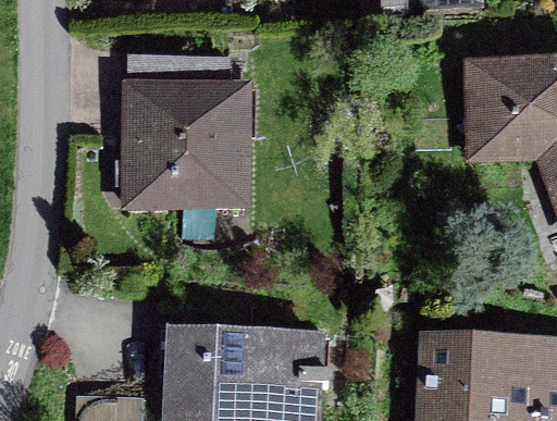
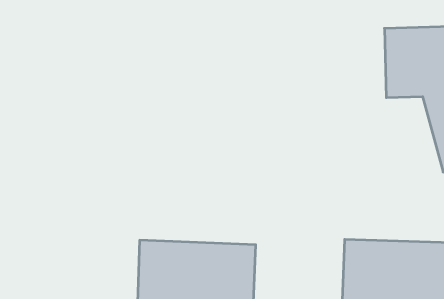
building: [128,60,244,209] -> none

